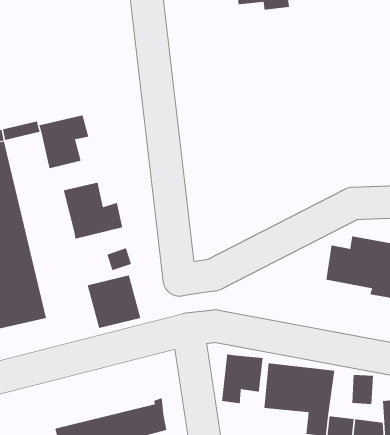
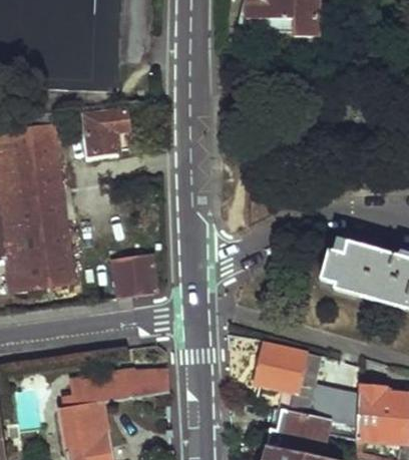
building: [63,182,123,240] -> none
building: [221,354,263,404] -> none

